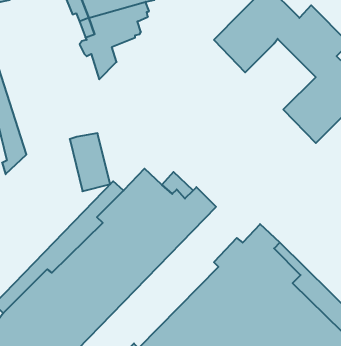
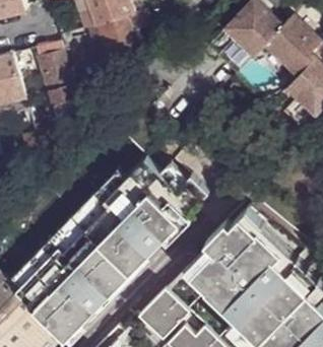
building: [70,133,110,191] -> [40,44,75,94]

